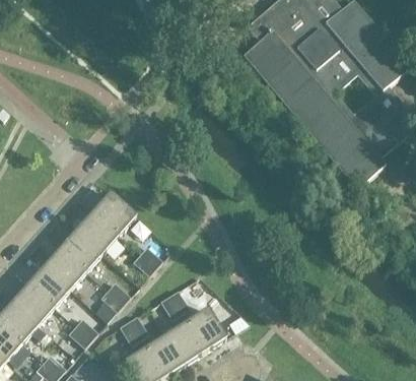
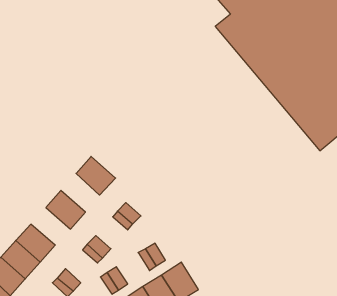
building: [77,213,119,255] -> none
building: [45,250,87,291] -> none

